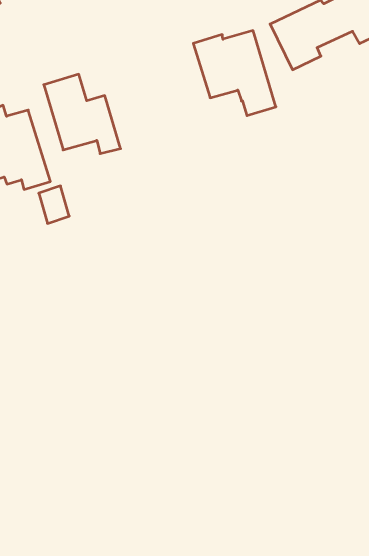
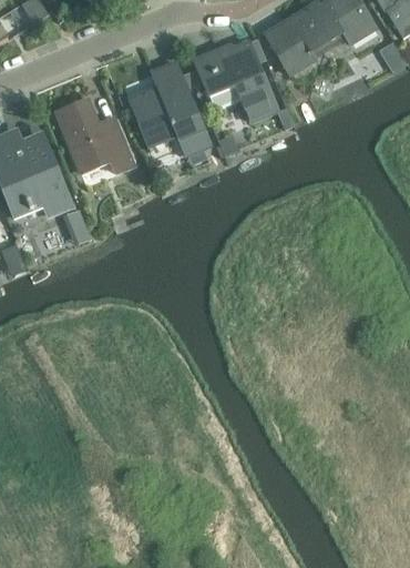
building: none -> [129,61,209,154]

